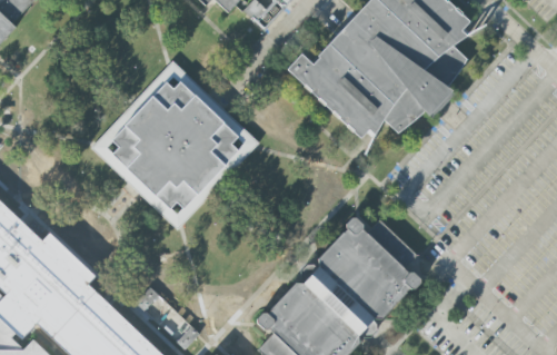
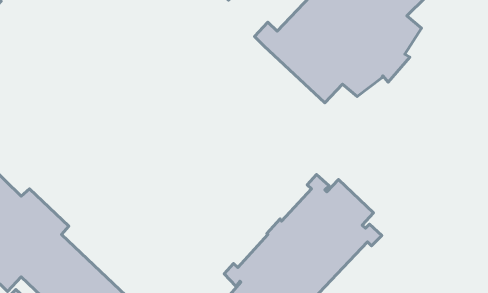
building: [113,80,239,208] -> none

